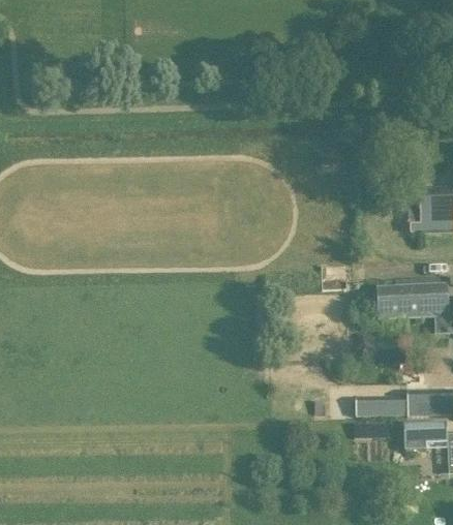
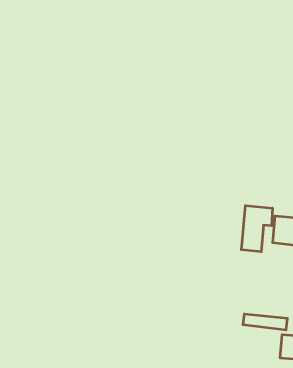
building: none -> [241,206,272,252]

